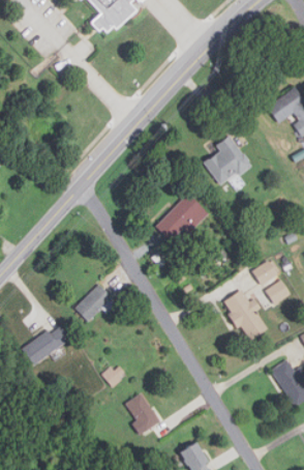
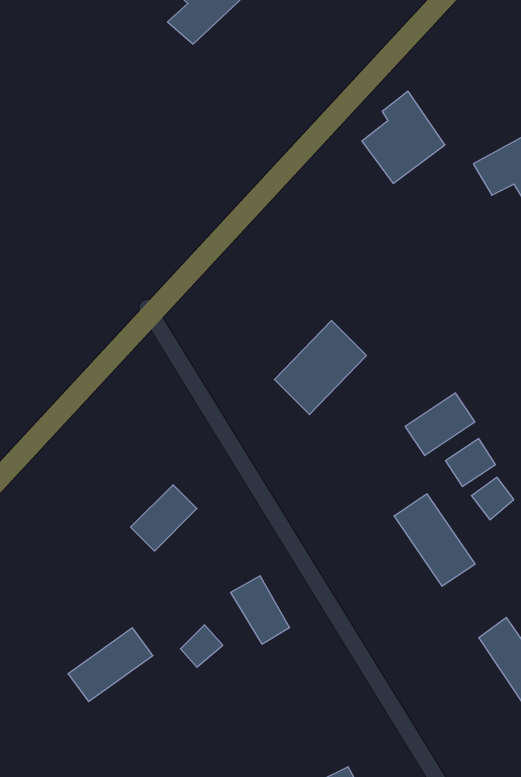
building: [204,135,250,186] -> [362,91,445,183]
building: none -> [405,393,475,456]
building: [22,324,69,365] -> [68,628,153,702]
building: [125,394,158,433] -> [231,576,290,644]

